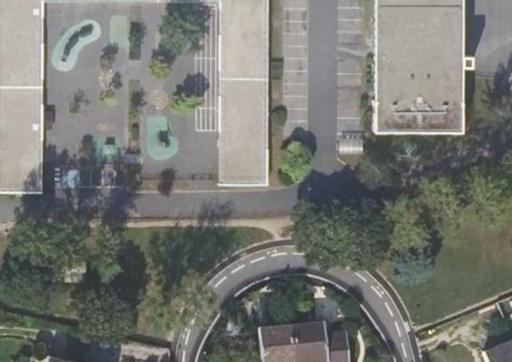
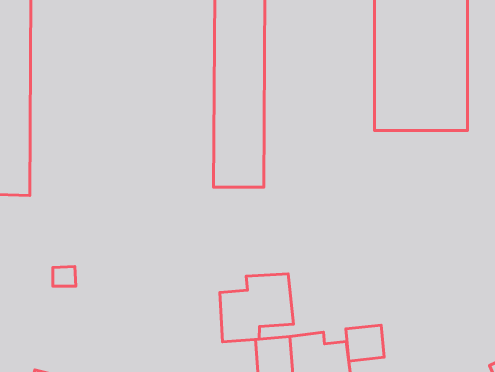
building: none -> [220,274,294,342]
building: none -> [346,325,384,361]

